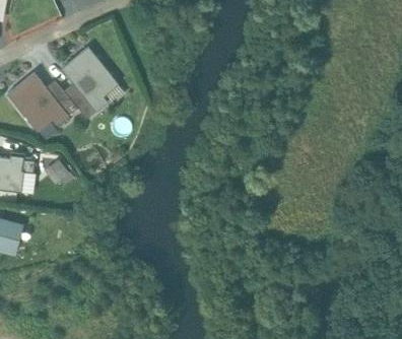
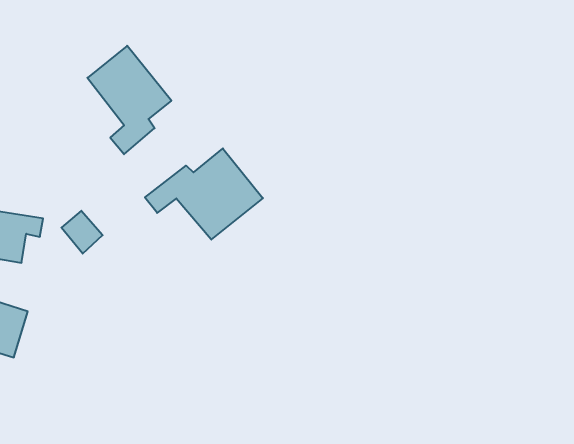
building: [8,74,77,132] -> none
building: none -> [145,148,263,240]

